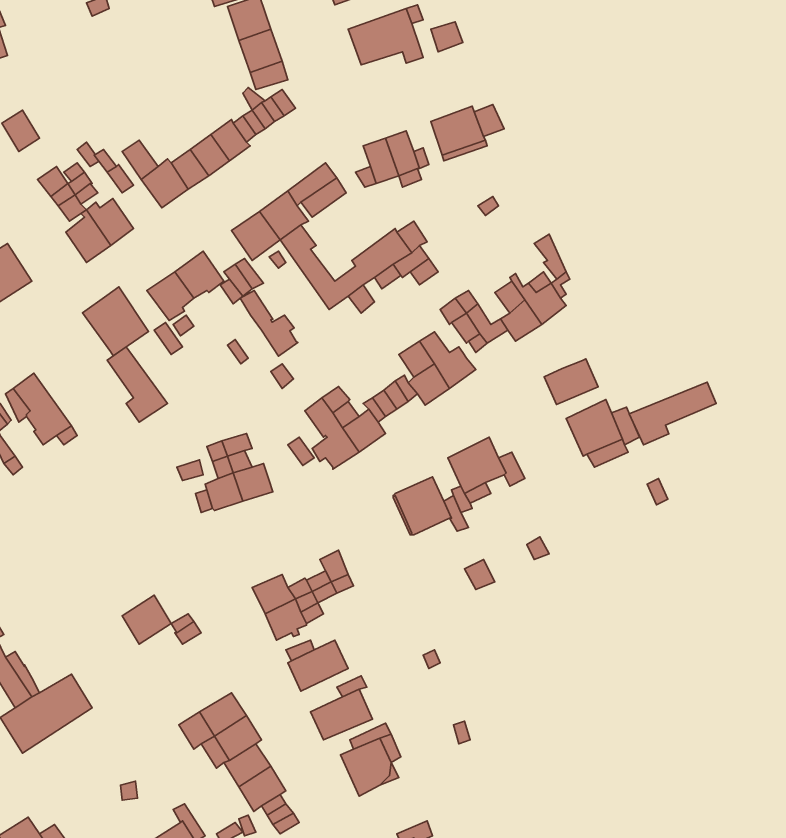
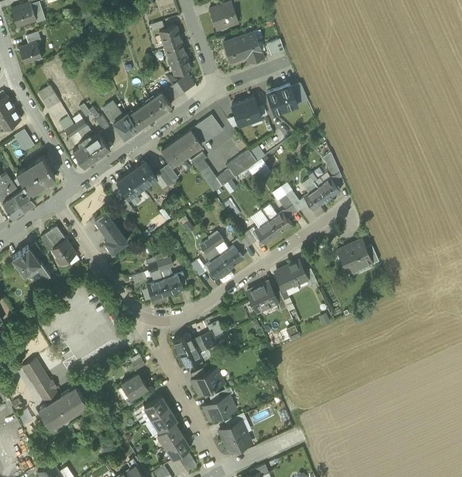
building: [82,287,149,356] -> none
building: [240,291,298,356] -> none
building: [544,359,598,405] -> none
building: [629,382,716,445] -> none
building: [122,595,171,644] -> [121,374,147,400]

